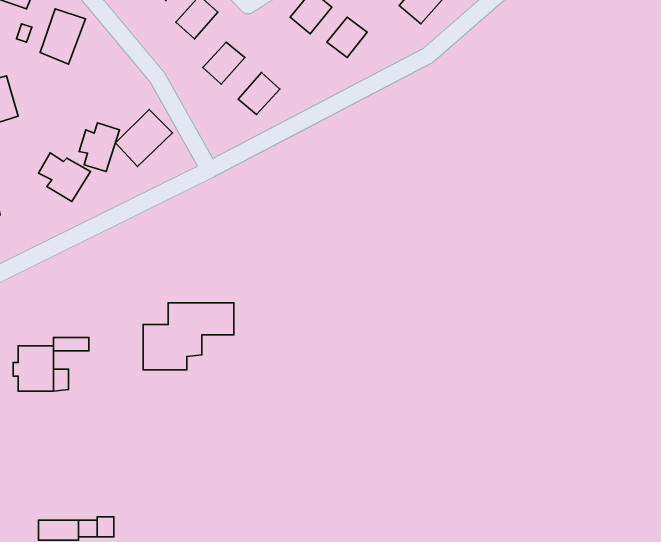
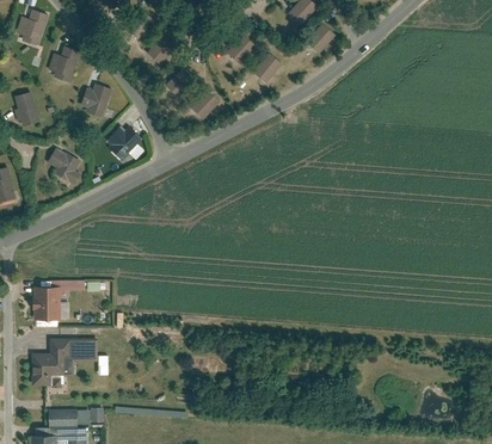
building: [79,123,119,172] -> [85,85,113,119]
building: [143,303,234,370] -> [31,337,96,384]

